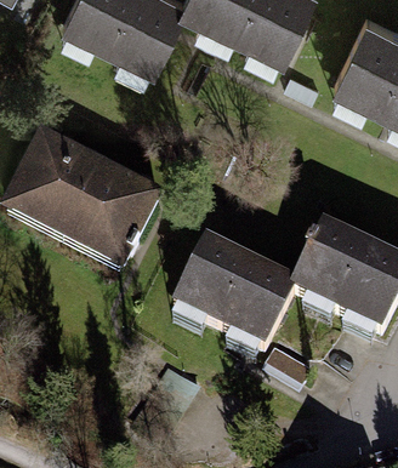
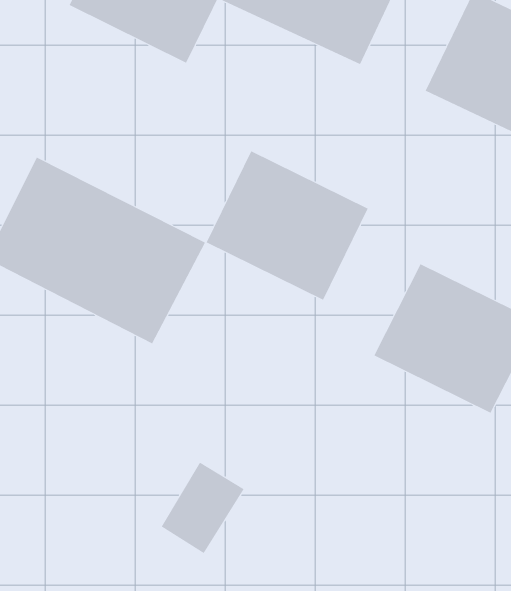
building: [174,235,296,348] -> [206,150,369,301]

